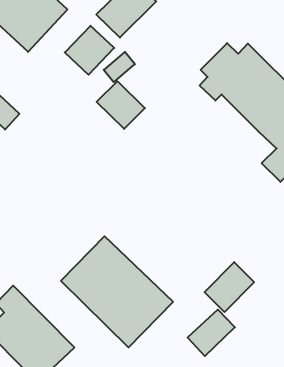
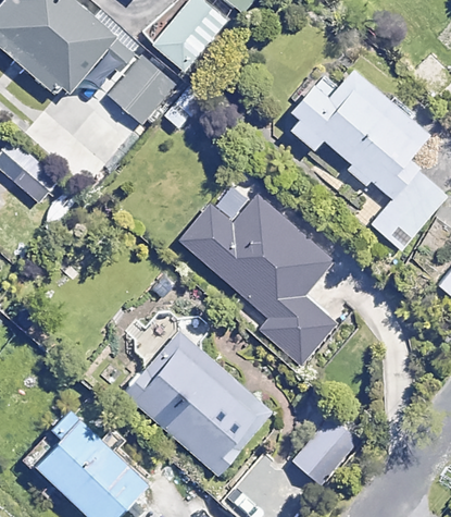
building: [97,81,145,129] -> none
building: none -> [180,199,338,366]
building: [205,262,254,312] -> none

